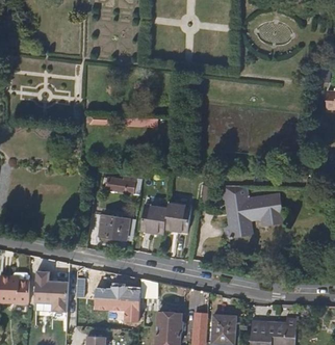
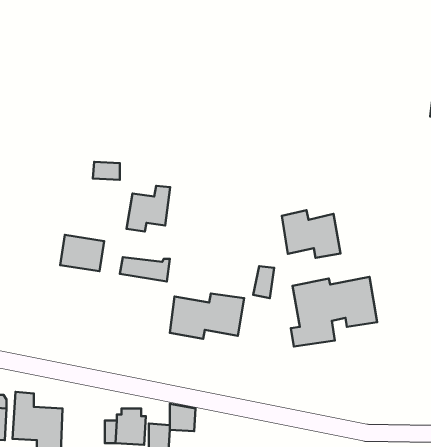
building: none -> [127,186,170,231]
building: none -> [282,210,341,258]
building: [97,214,127,239] -> [60,235,104,271]

